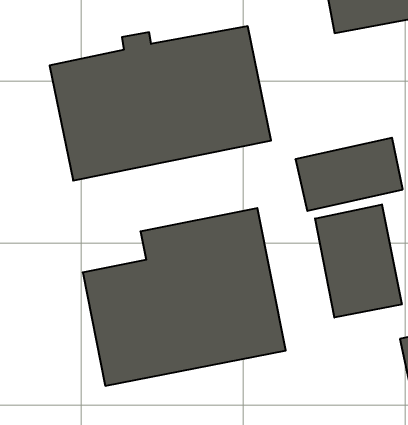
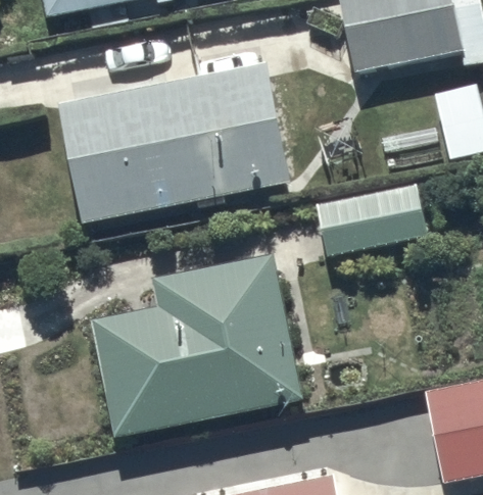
building: [315,204,402,318] -> none

